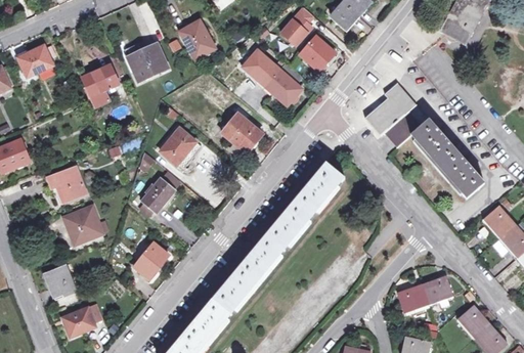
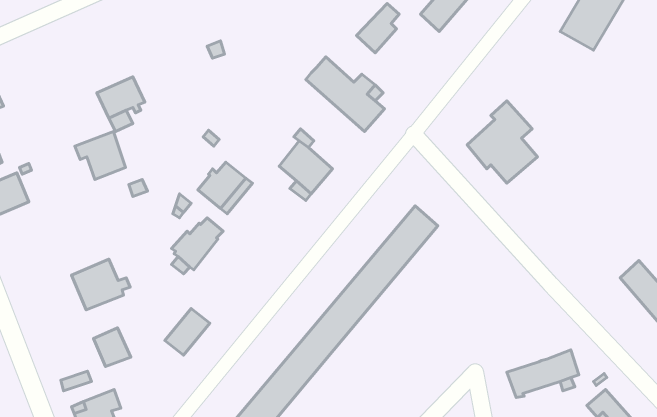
building: [179,20,215,59] -> none
building: [300,36,335,71] -> none
building: [127,43,168,81] -> none
building: [17,45,54,78] -> none
building: [411,119,485,197] -> none
building: [47,166,86,203] -> [75,132,125,179]
building: [46,266,75,296] -> [94,328,131,367]

